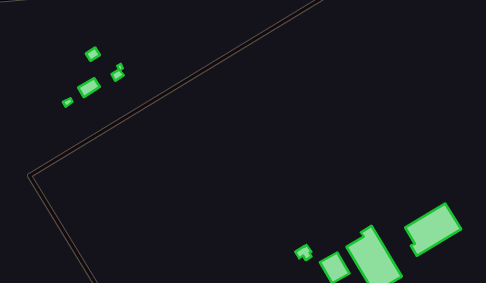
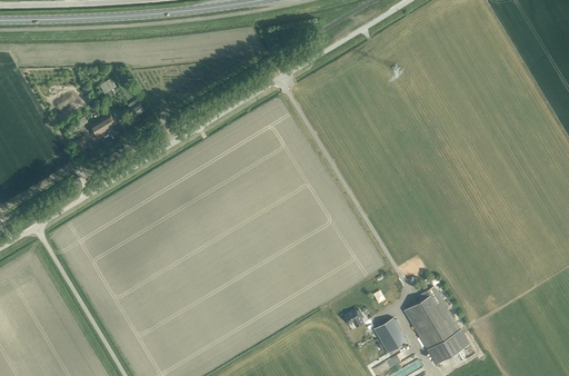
building: [405,203,461,256] -> none

